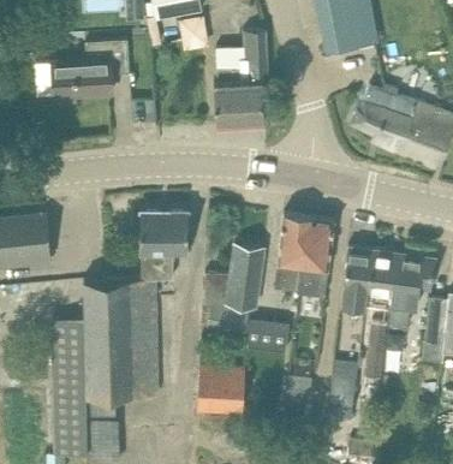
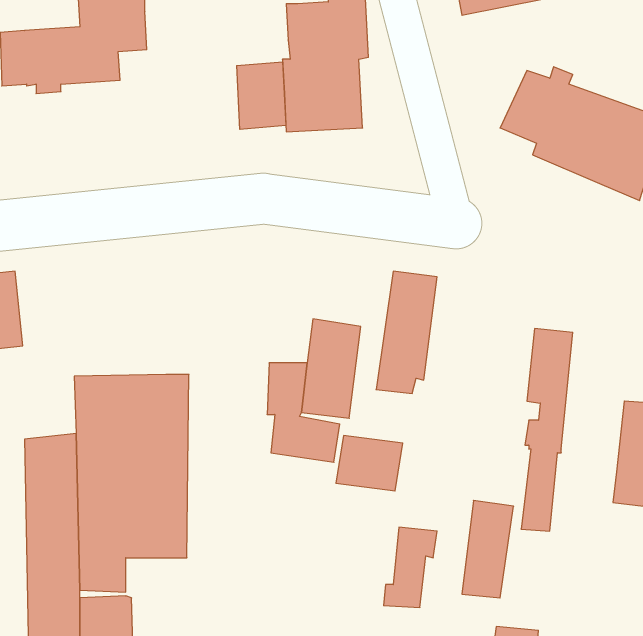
building: none -> [237,62,286,129]
building: [141,212,187,280] -> none
building: [296,219,334,297] -> none
building: [340,248,372,309] -> none
building: [389,254,435,329] -> none
building: [197,367,245,416] -> none

